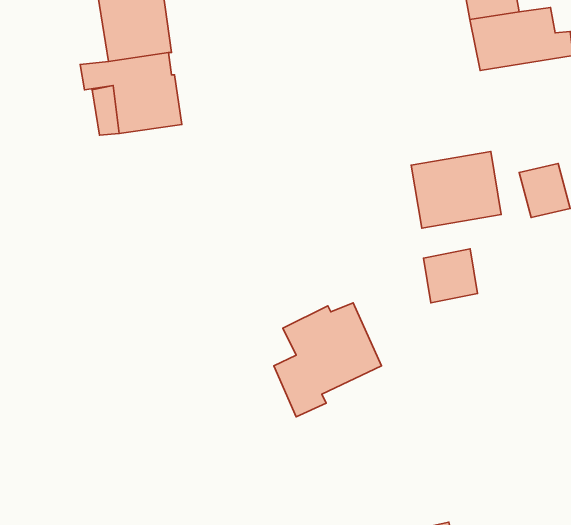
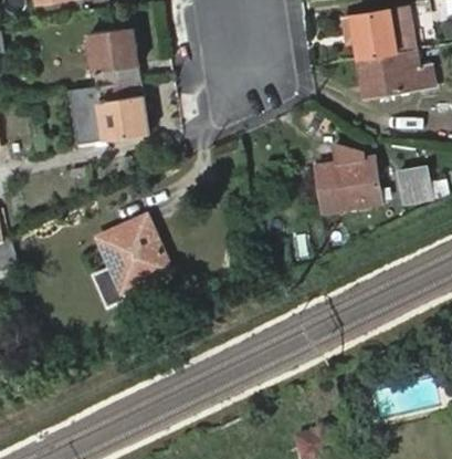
building: [423,249,478,303] -> none
building: [274,303,382,417] -> [90,223,169,307]

